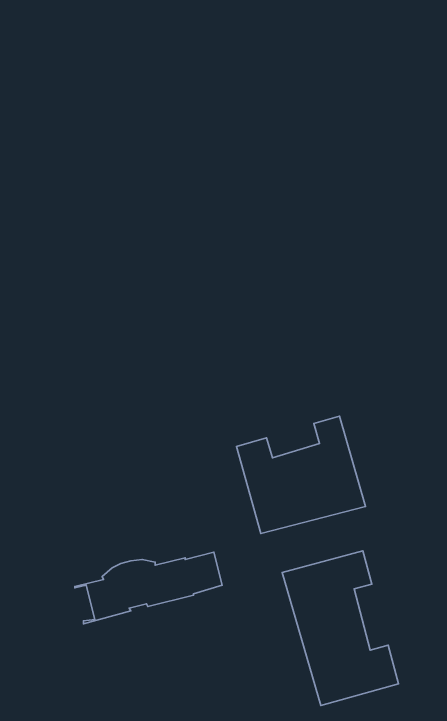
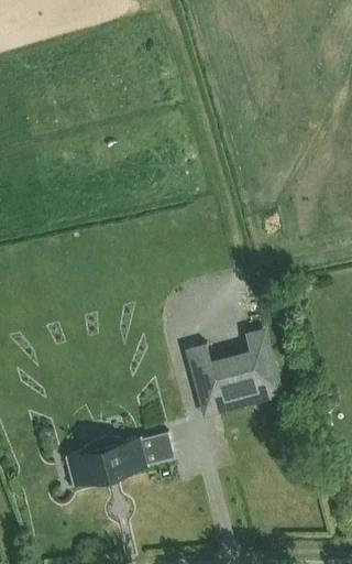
building: [282,551,399,706] -> none

